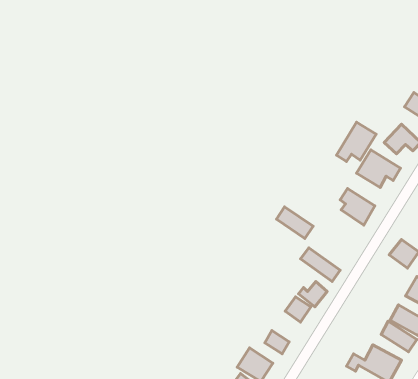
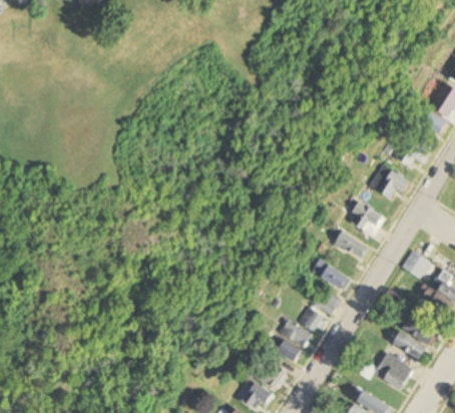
building: [337,122,376,162] -> none
building: [276,207,313,239] -> [335,230,371,261]
building: none -> [279,319,311,348]

